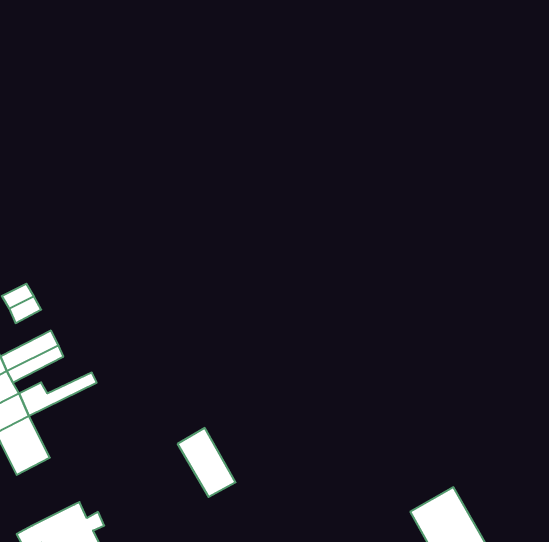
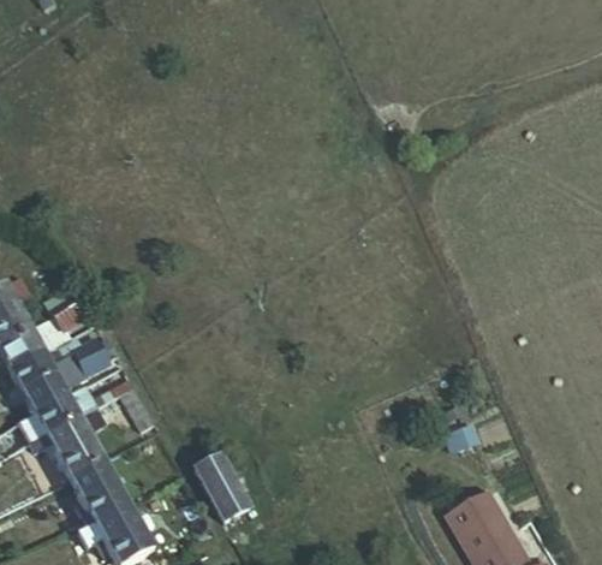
building: [178,428,236,497] -> [192,454,249,522]
building: none -> [68,459,125,525]

